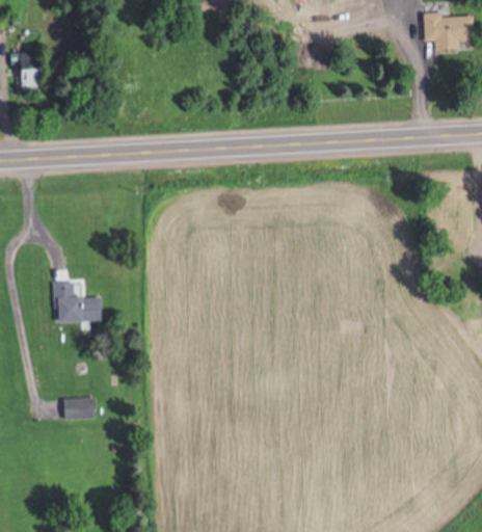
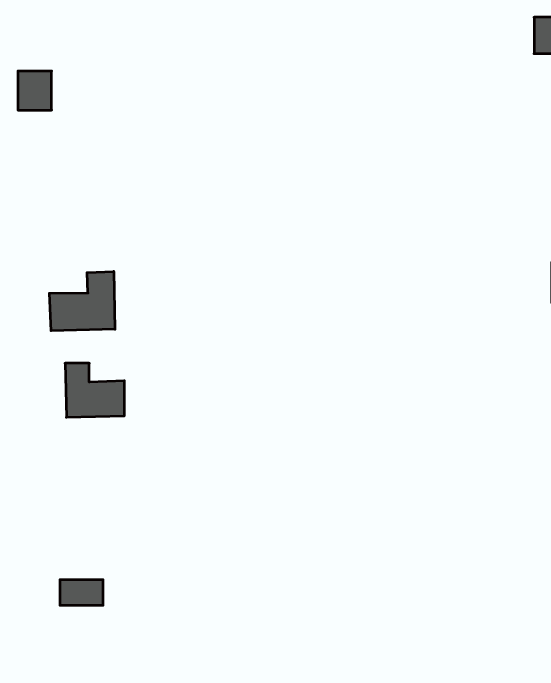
building: none -> [49,271,115,331]
building: [64,399,98,419] -> [60,580,103,605]

